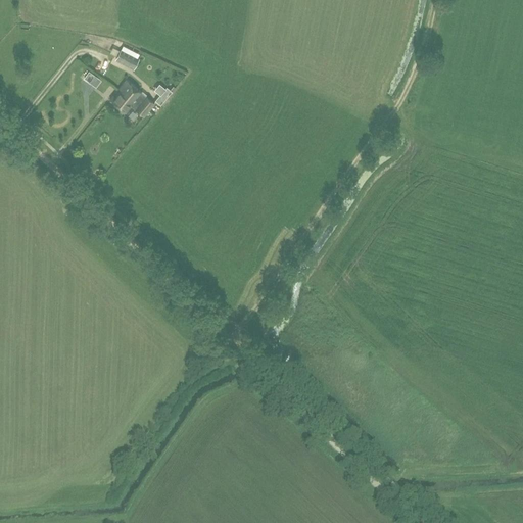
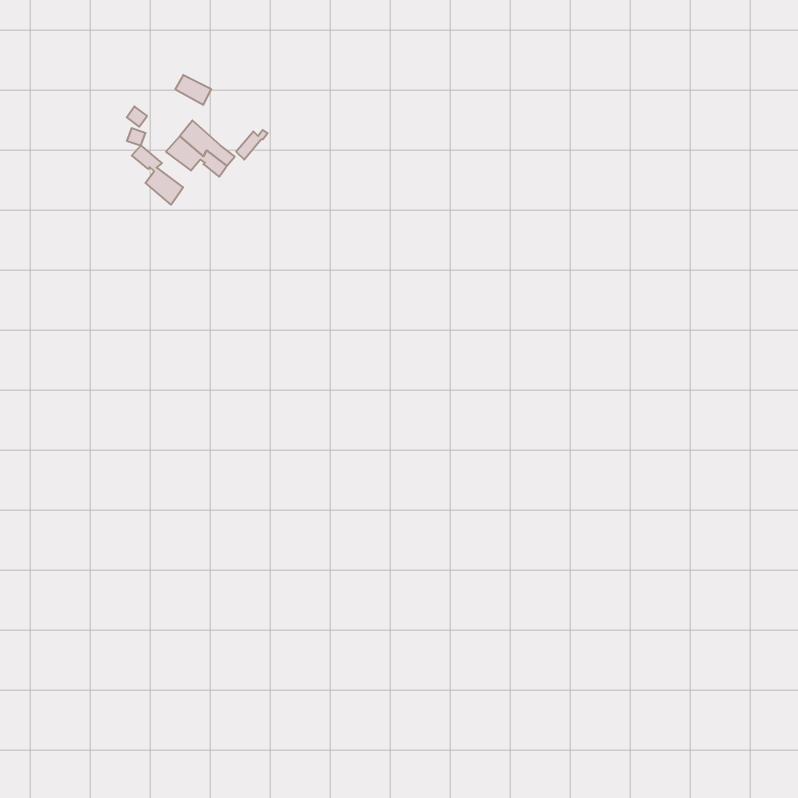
building: none -> [132,146,183,205]

